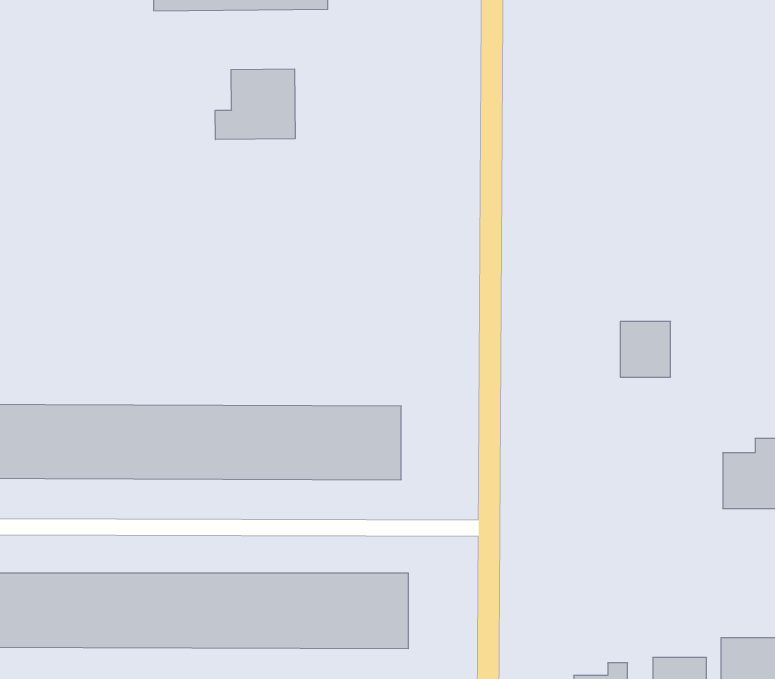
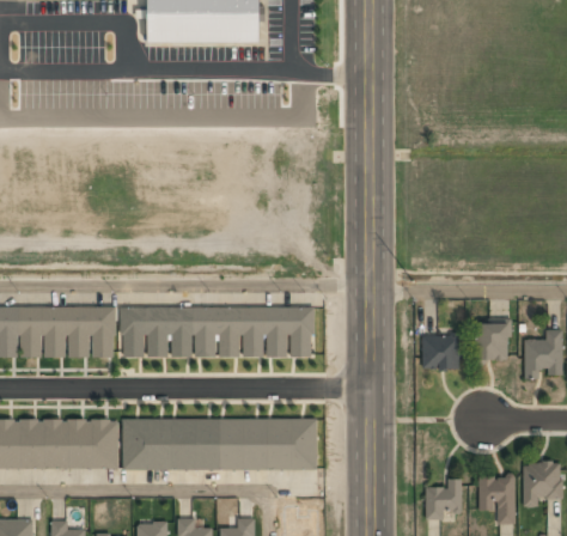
building: [215,69,295,140] -> none
building: [620,321,671,377] -> [475,324,508,361]
building: none -> [422,335,459,370]

